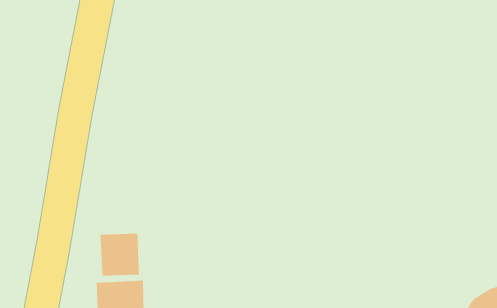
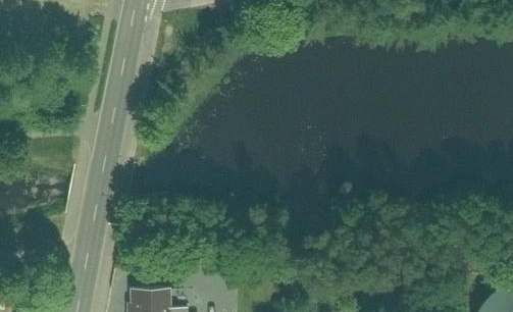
building: [100,233,139,276] -> none

